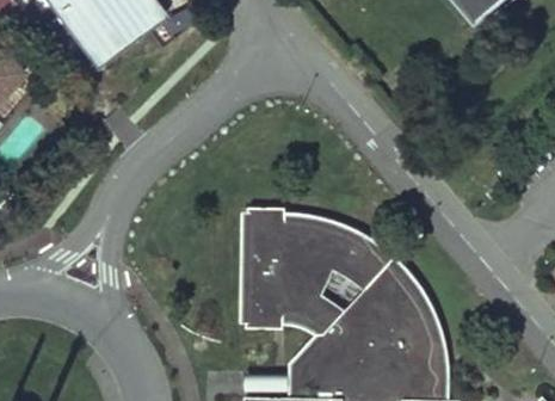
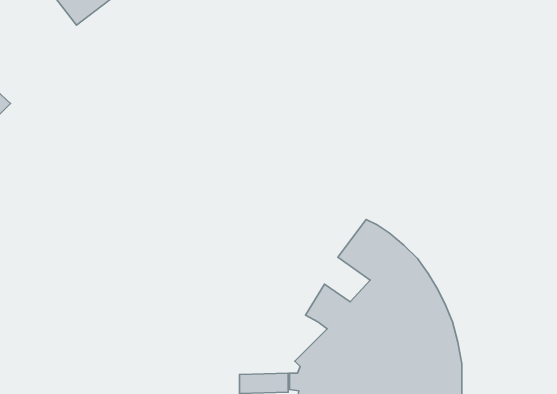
building: [243,205,357,328] -> none

